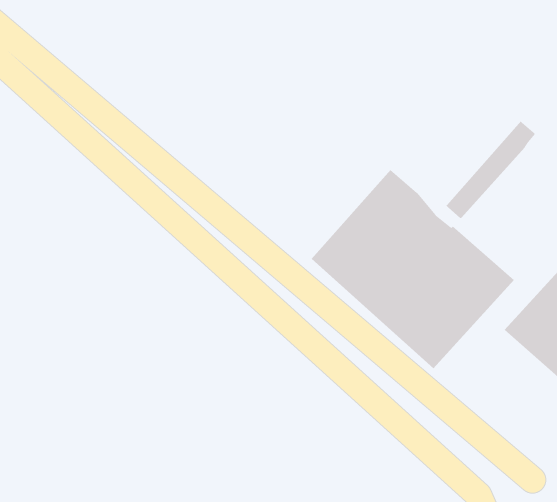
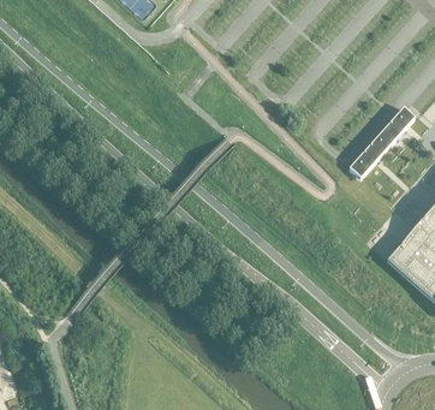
building: [311,169,515,369] -> none

